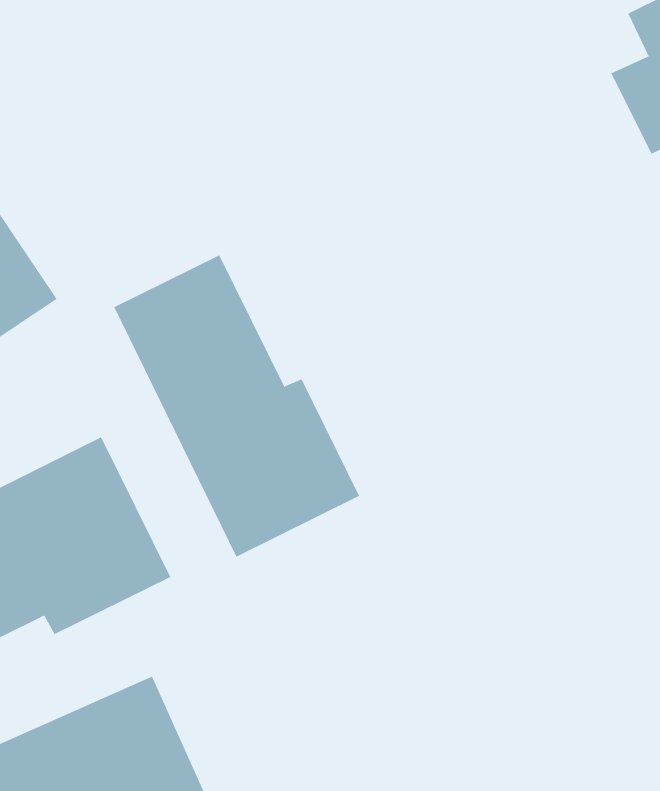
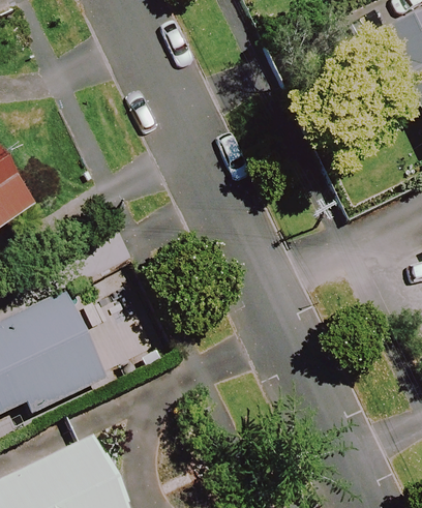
building: [114,254,360,558] -> none

